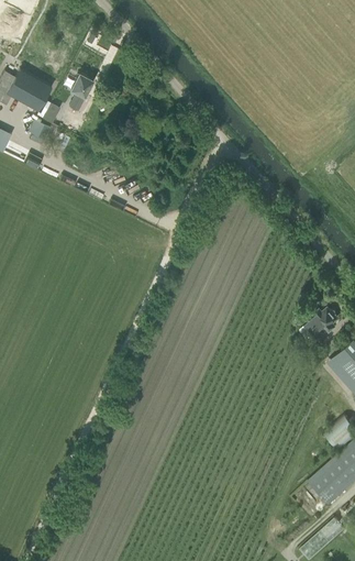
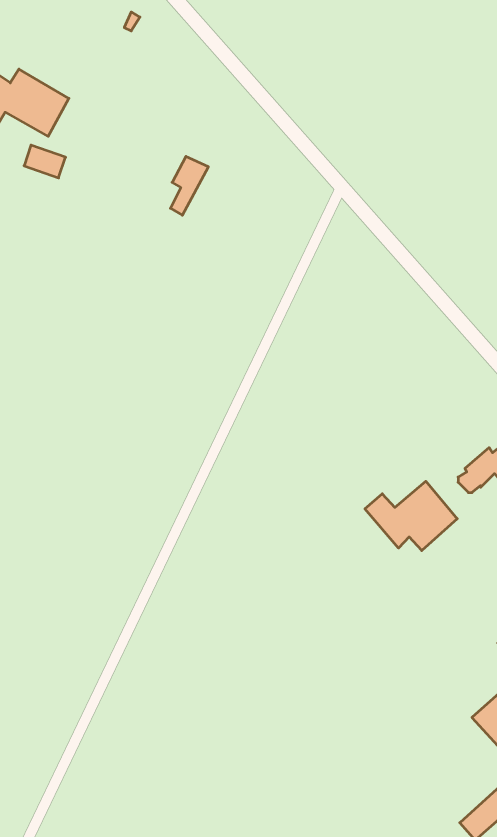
building: [69,74,93,111] -> [170,156,208,215]
building: none -> [365,481,457,551]

